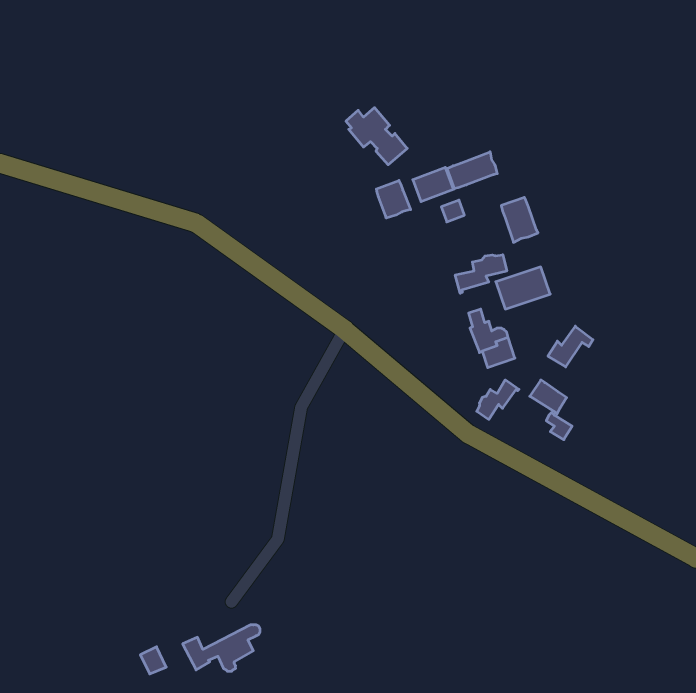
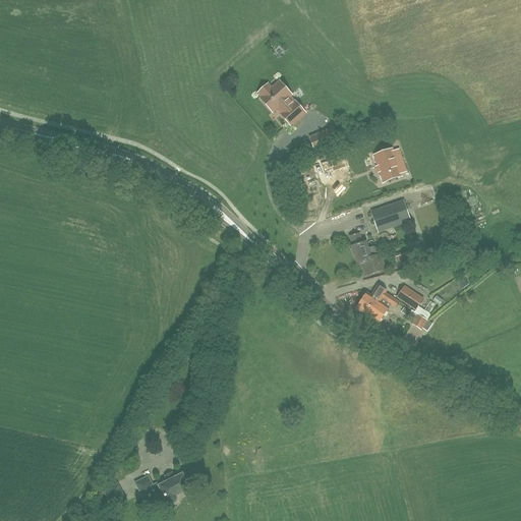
building: [447,152,497,189] -> none
building: [376,180,411,218] -> none
building: [455,255,507,293] -> none
building: [548,326,593,367] -> [365,291,399,322]

